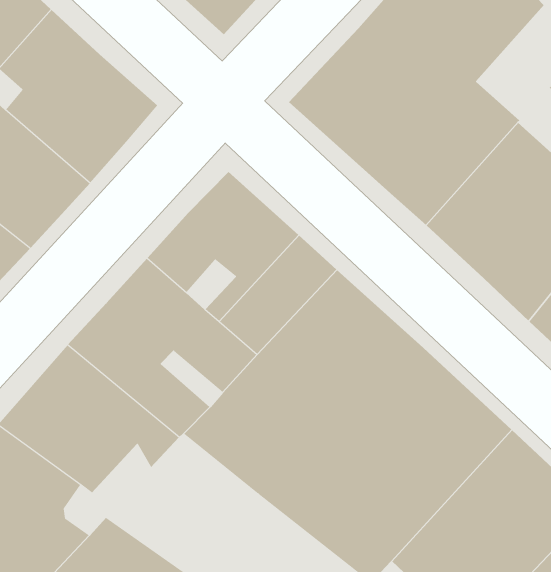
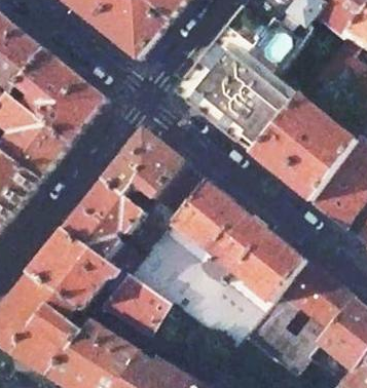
building: none -> [102,274,172,337]

